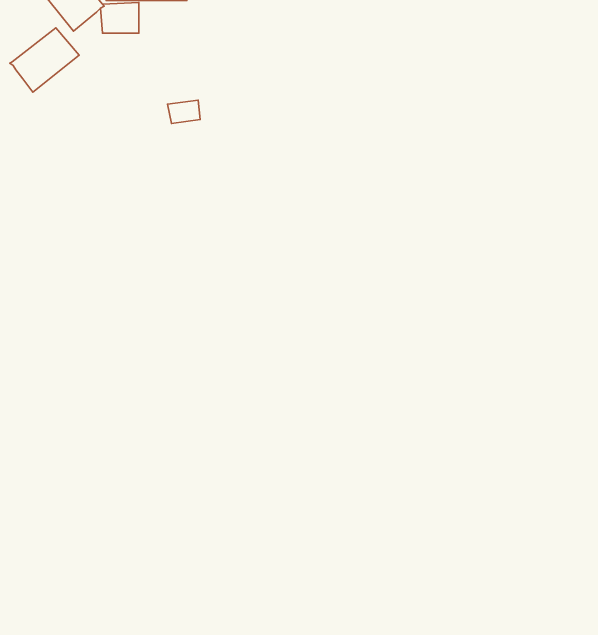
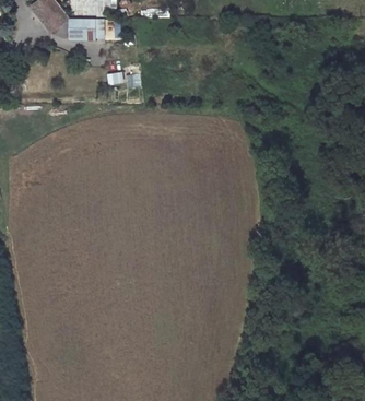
building: [10,28,79,92] -> none

